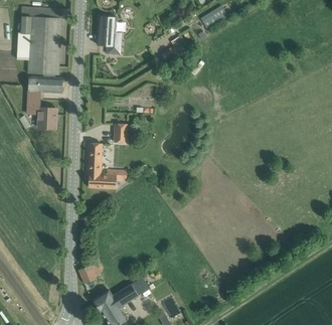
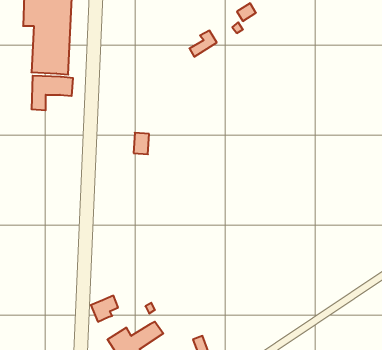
building: [97,16,121,52] -> none
building: [26,104,56,129] -> none
building: [87,143,126,188] -> none

